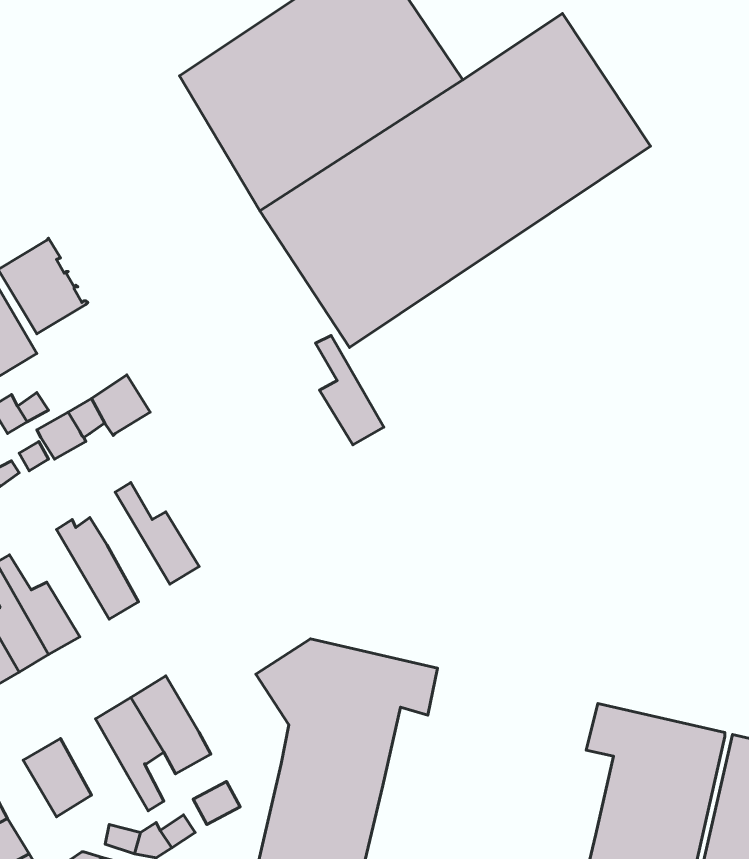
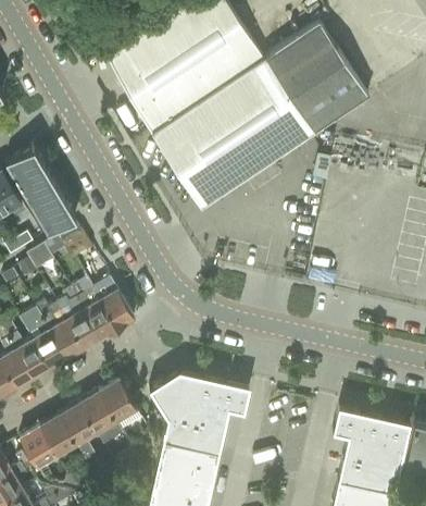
building: none -> [26,185,75,237]
building: [316,335,384,445] -> [96,271,134,332]
building: none -> [55,291,100,351]
building: none -> [21,311,66,371]
building: none -> [98,381,137,424]
building: none -> [39,417,76,459]

